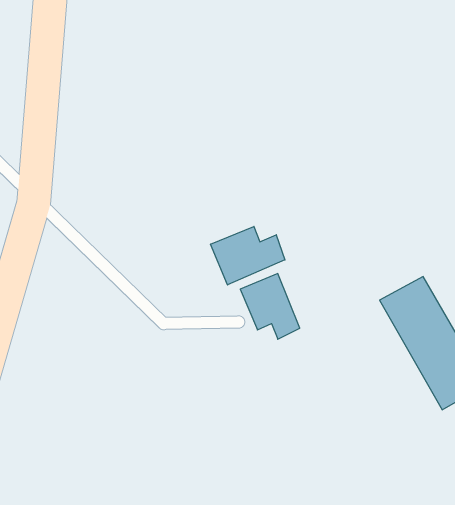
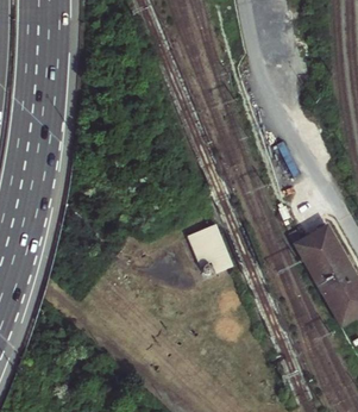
building: [211,226,285,285] -> none

